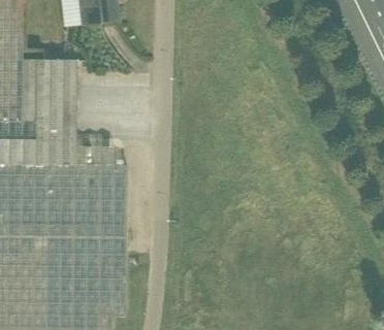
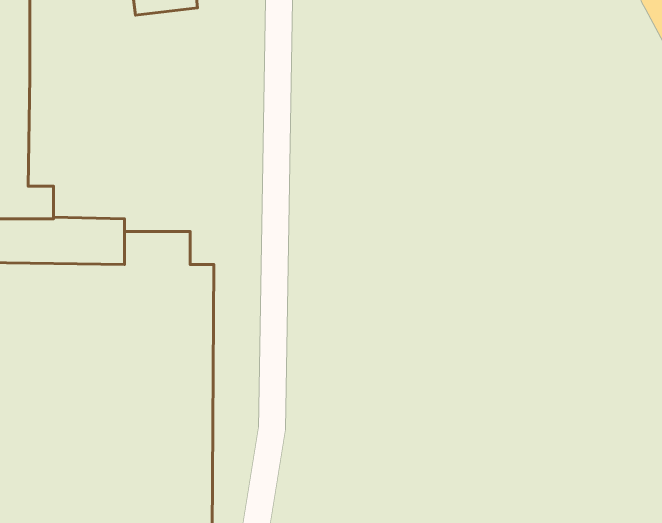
building: [20,59,75,139] -> none

